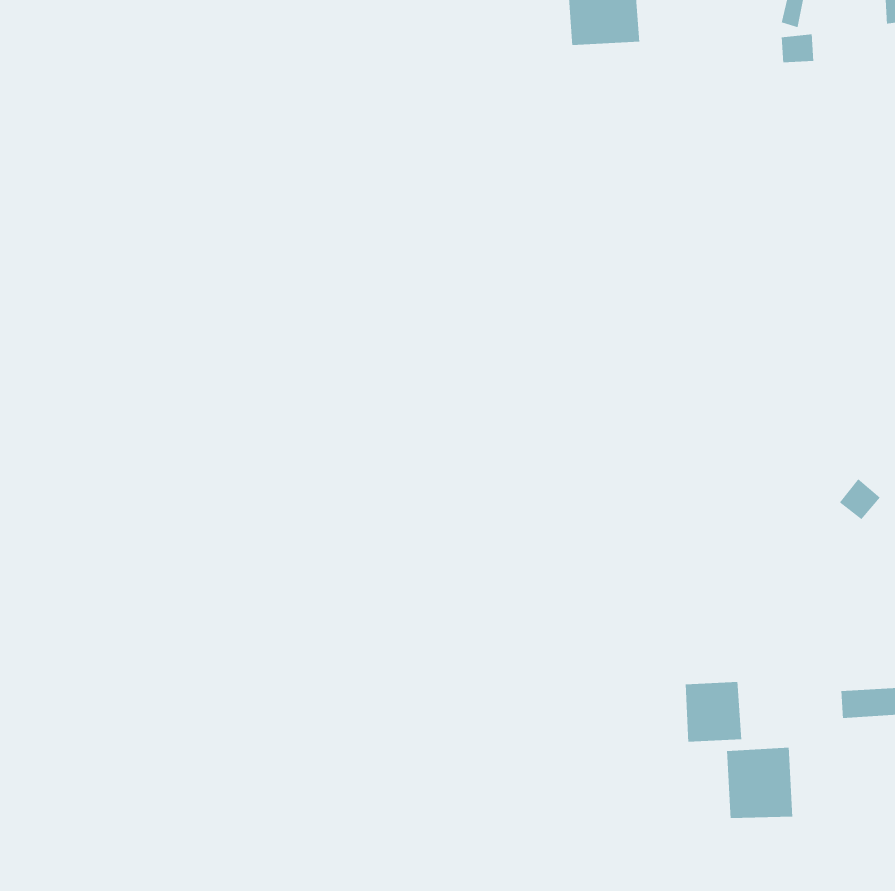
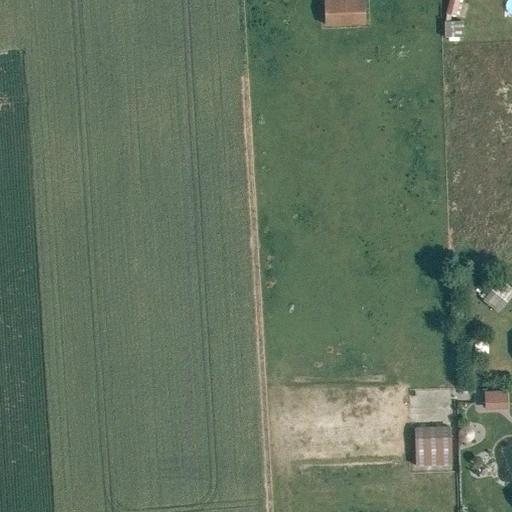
building: [685,681,742,743] -> none

